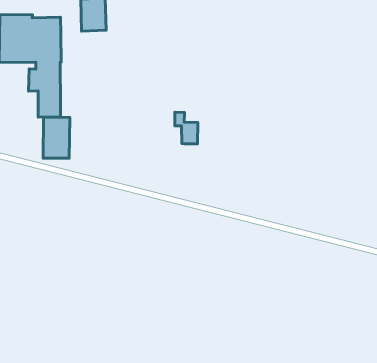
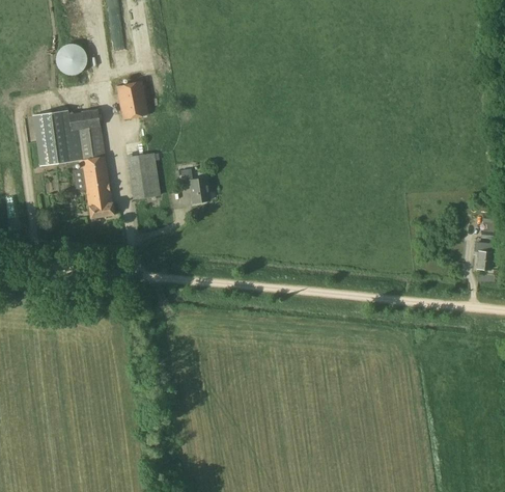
building: [175,112,198,144] -> [179,168,208,201]
building: [43,117,70,158] -> [125,152,160,199]

